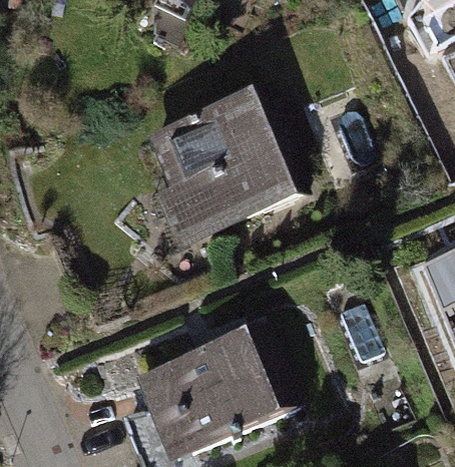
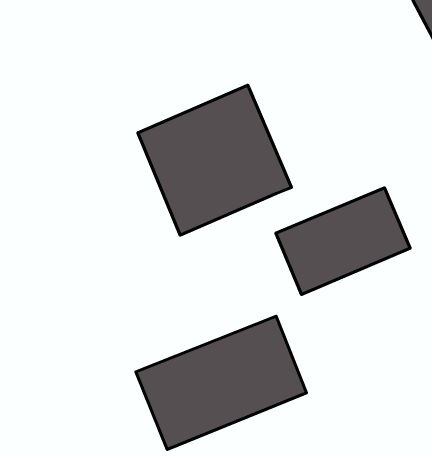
building: none -> [276,188,410,295]

